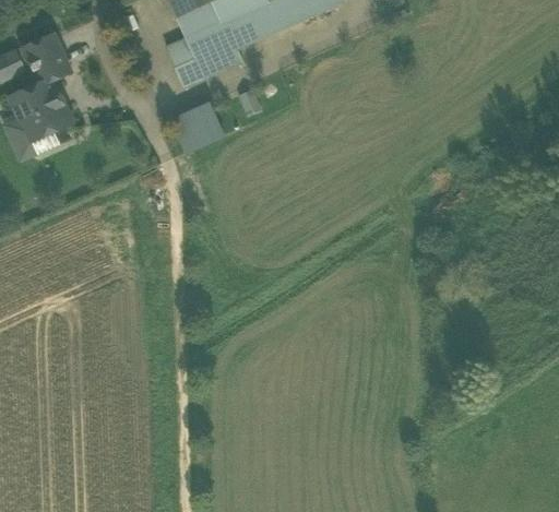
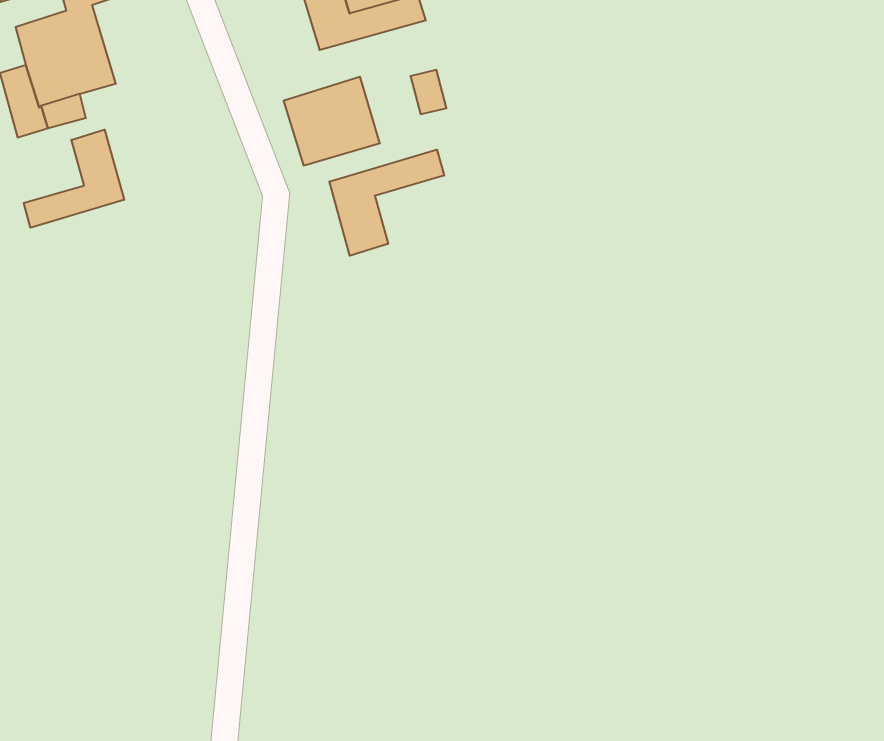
building: none -> [329,150,444,256]
building: none -> [24,130,124,228]

